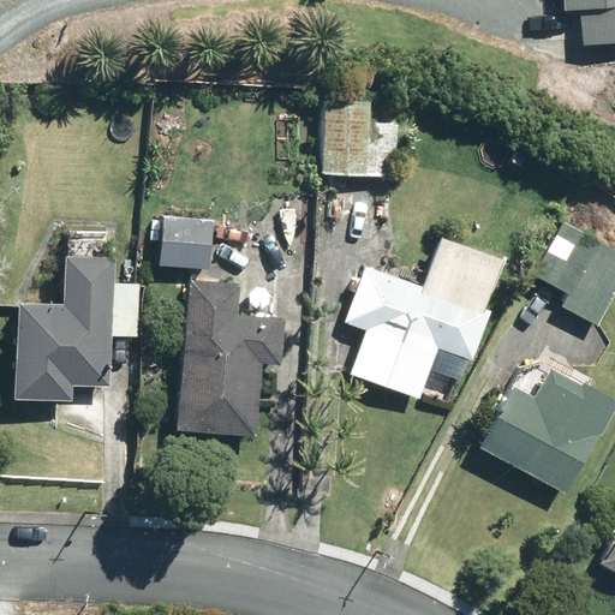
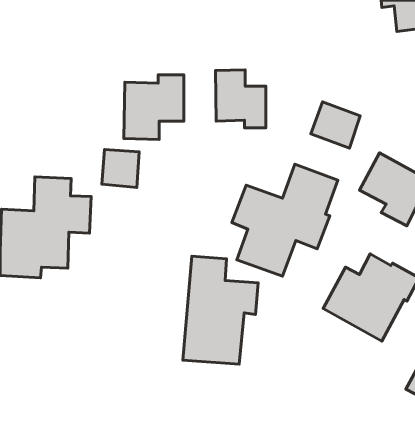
building: none -> [124,75,184,139]
building: none -> [311,102,360,148]
building: [175,281,285,437] -> [183,256,258,364]

